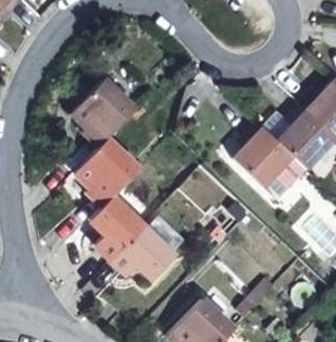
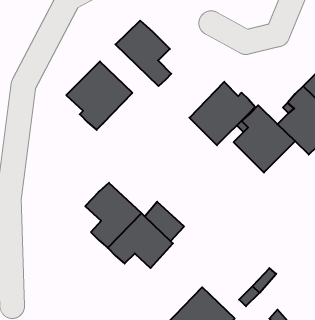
building: none -> [115,21,171,86]
building: none -> [189,82,255,145]
building: [74,138,138,205] -> none

